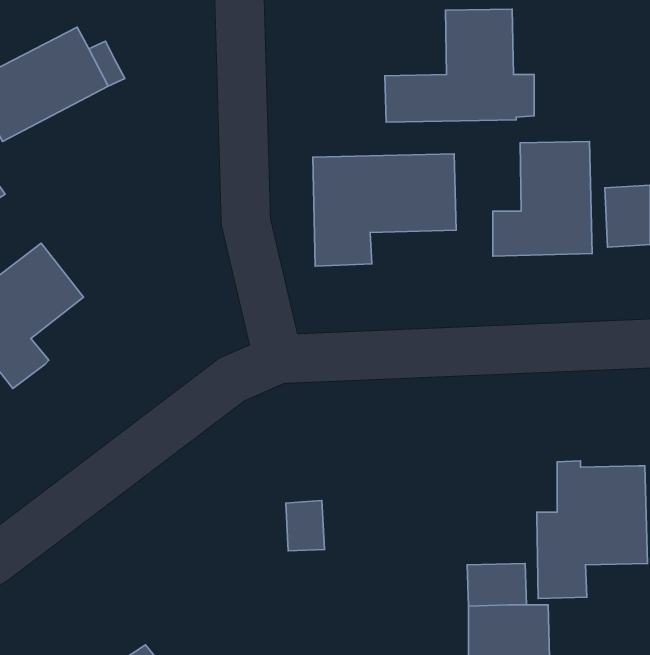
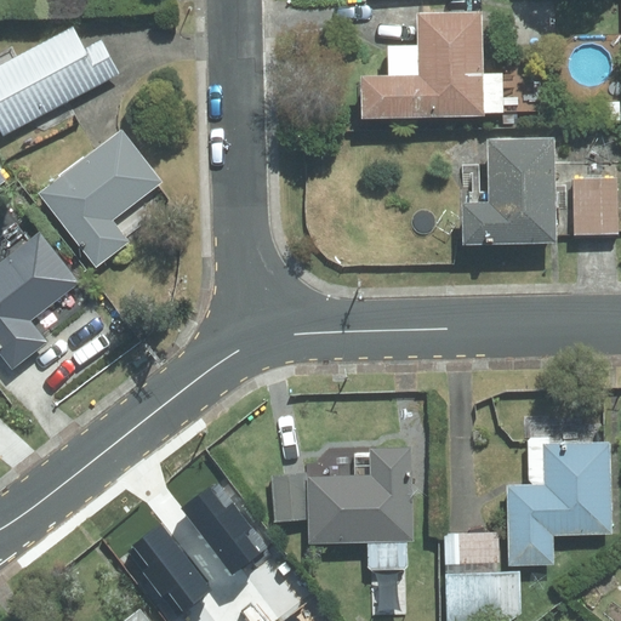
building: none -> [38,130,161,267]
building: [313,154,456,266] -> none
building: none -> [307,448,412,571]
building: none -> [173,489,253,577]
building: none -> [125,526,203,614]

